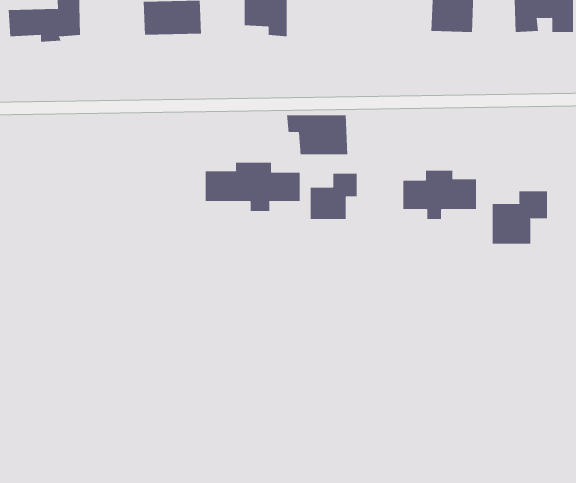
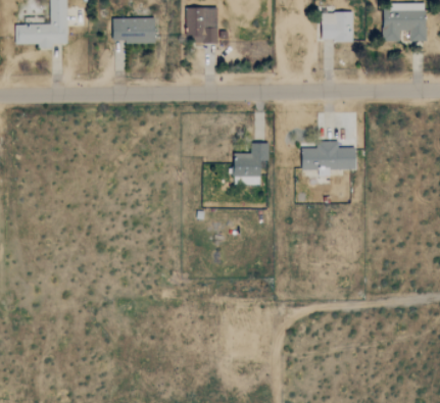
building: [286,115,348,155] -> none
building: [205,162,300,212] -> none
building: [492,191,547,245] -> none

